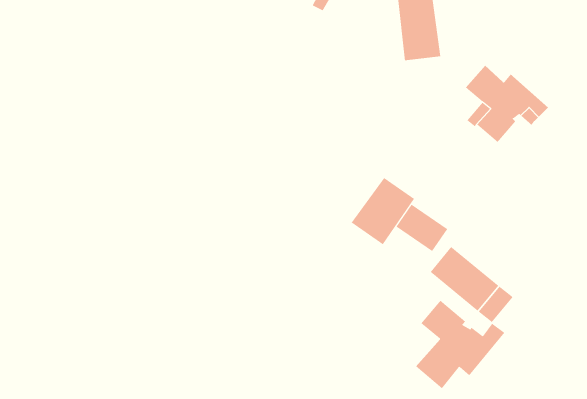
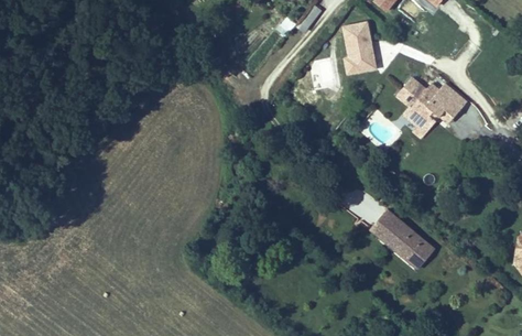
building: [351,177,415,245] -> none
building: [415,300,505,389] -> none

